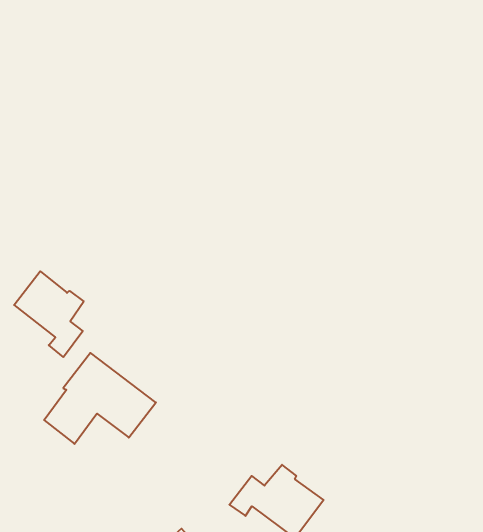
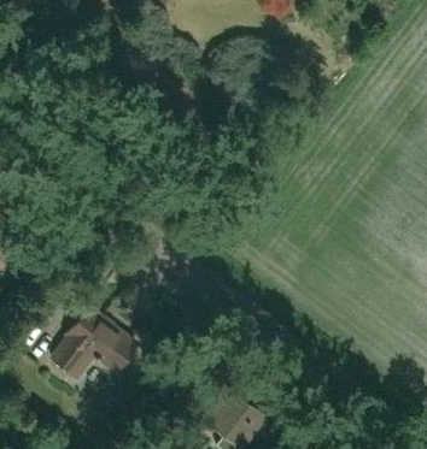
building: [14,271,84,357] -> none

